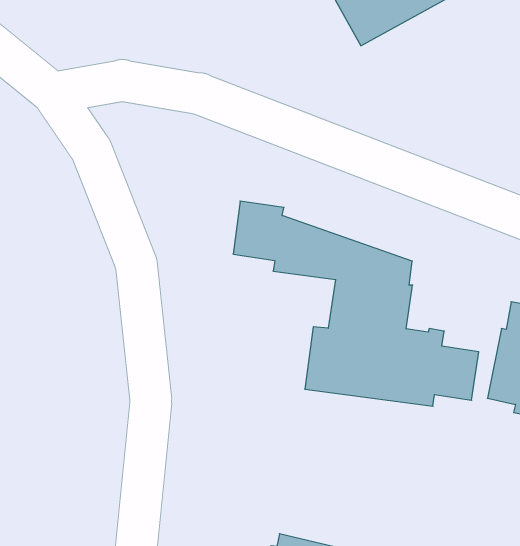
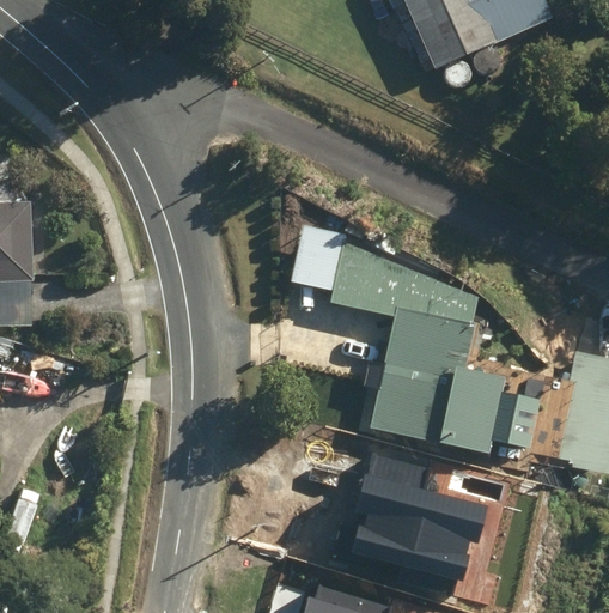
building: none -> [354,437,491,587]

